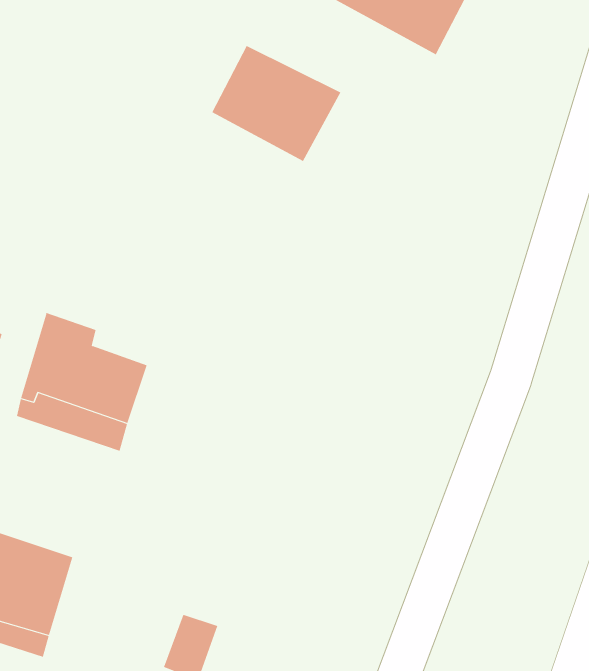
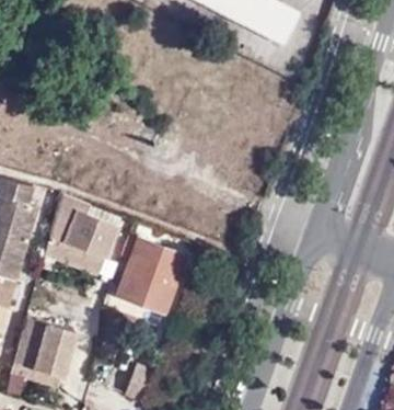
building: [211,45,341,162] -> none
building: none -> [119,236,184,310]

